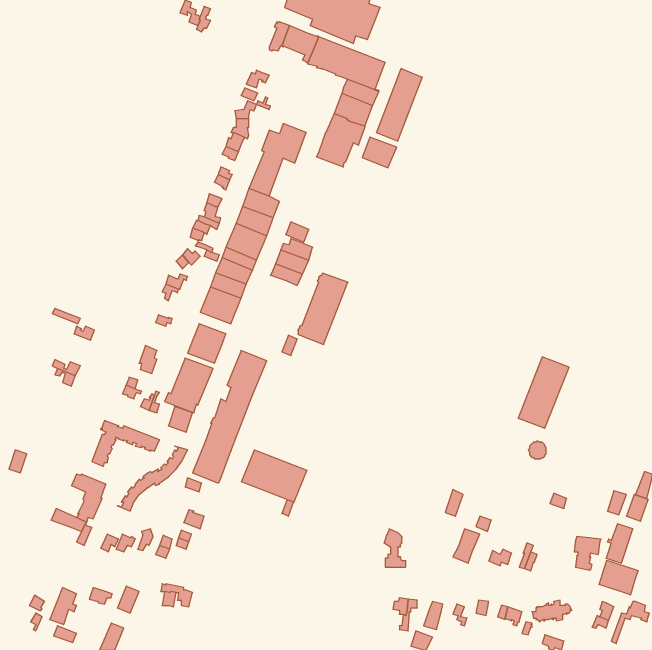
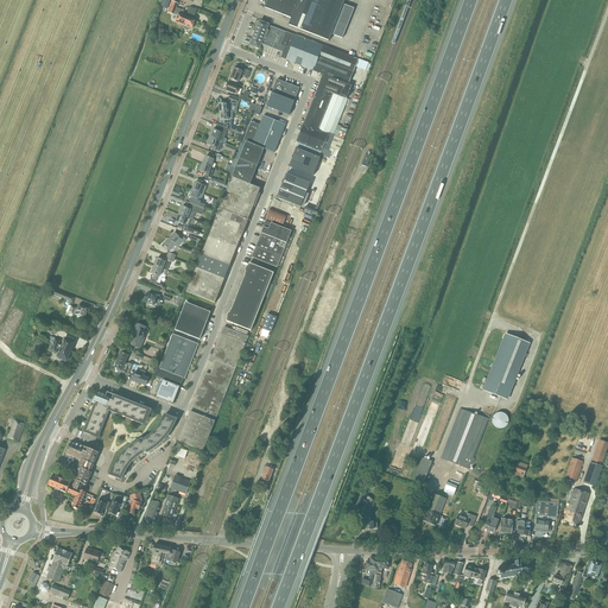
building: [376,68,422,141] -> none
building: none -> [267,82,300,116]
building: [362,137,397,168] -> [289,147,321,176]
building: none -> [277,172,310,205]
building: [298,273,348,345] -> [227,262,273,329]
building: none -> [441,407,489,469]
building: [242,450,307,502] -> none
building: [599,560,638,595] -> none

